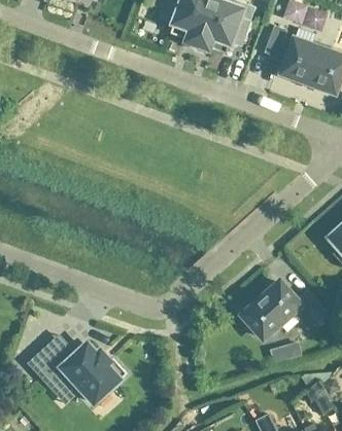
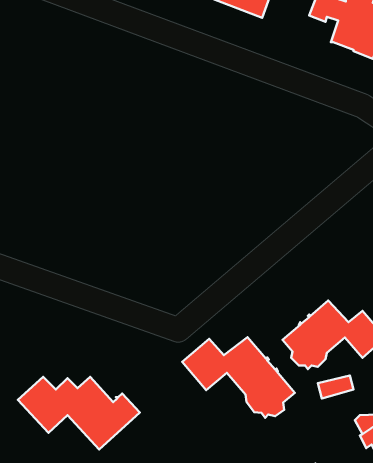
building: none -> [182,337,295,418]

